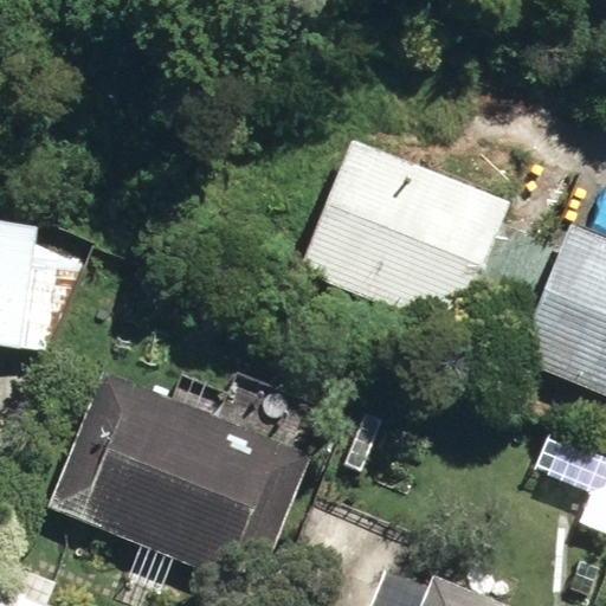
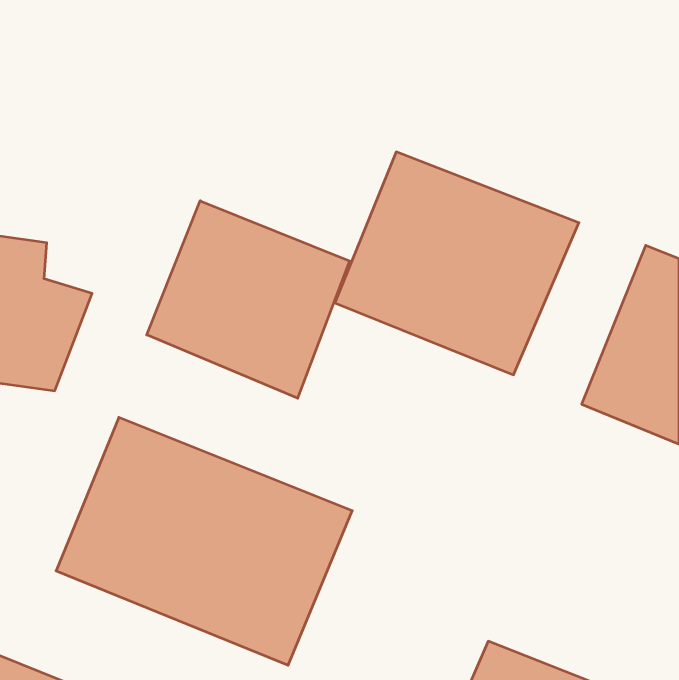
building: none -> [147,201,350,398]

